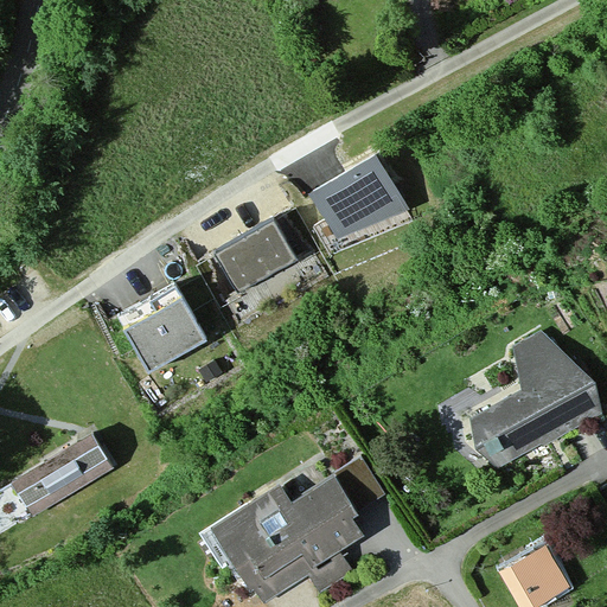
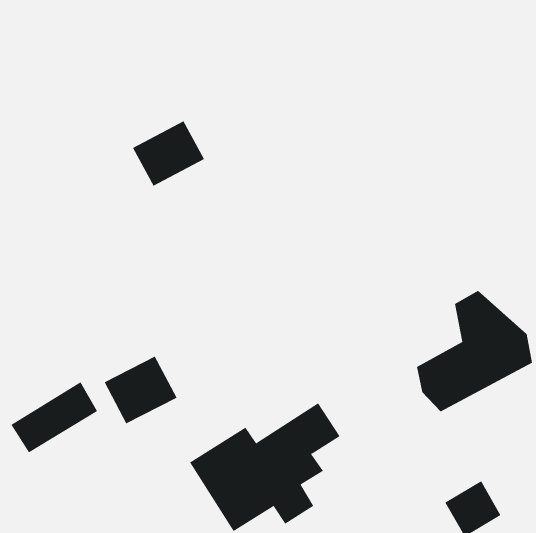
building: [307,149,402,241] -> none
building: [215,217,296,292] -> [132,120,205,187]
building: [122,290,205,368] -> [104,356,177,424]

